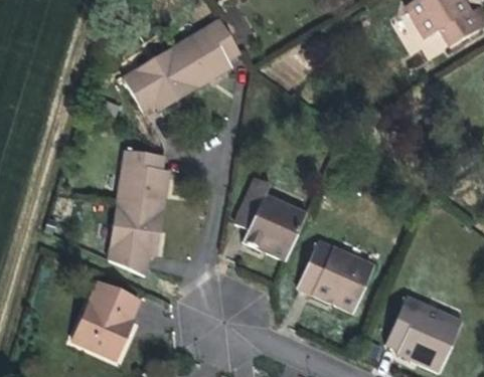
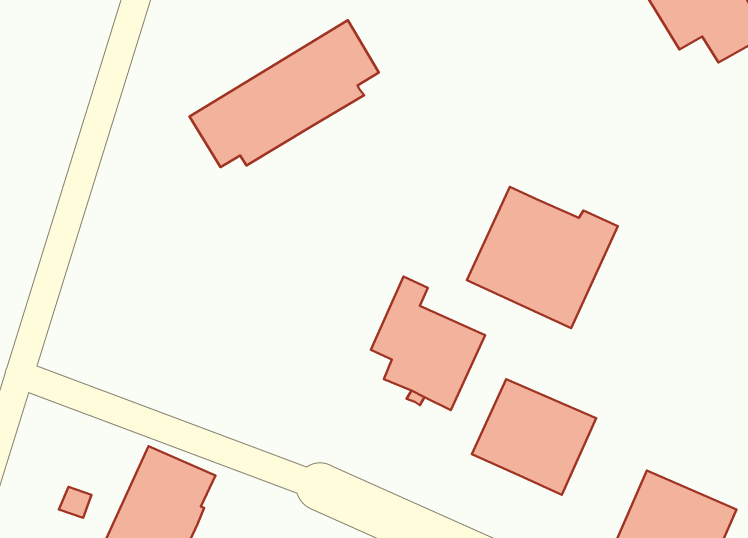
building: none -> [467,187,618,328]
building: [109,149,168,274] -> none

